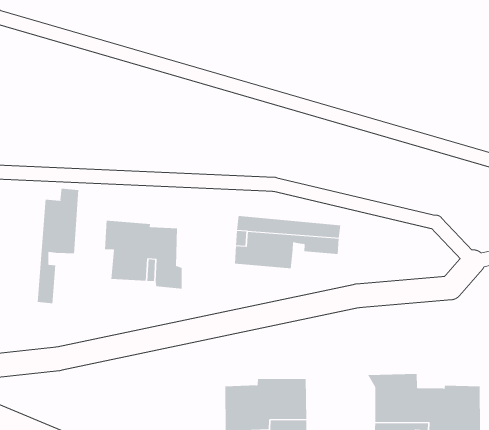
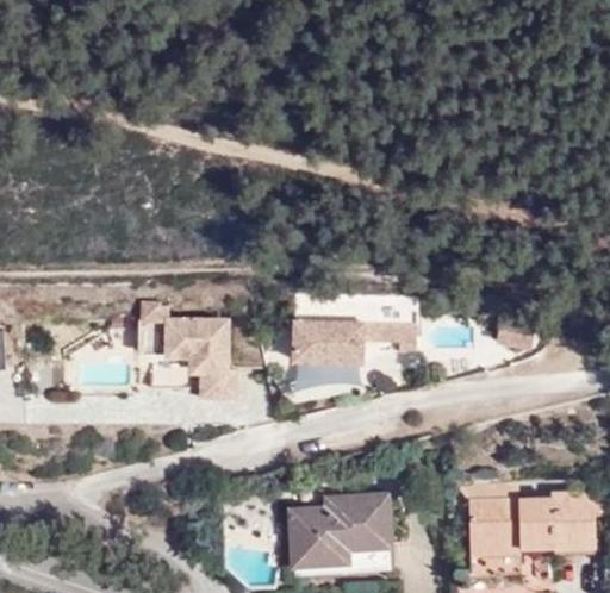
building: [37,188,79,304] -> none

